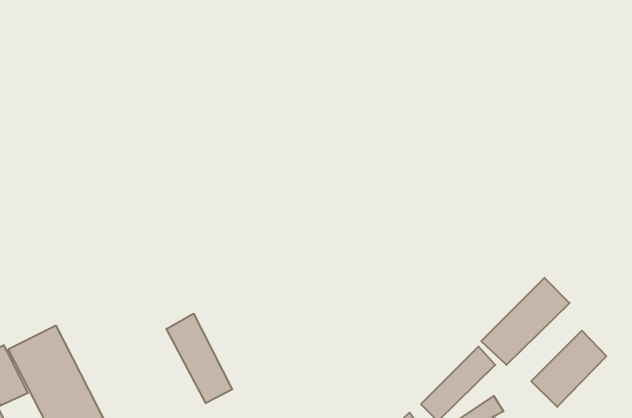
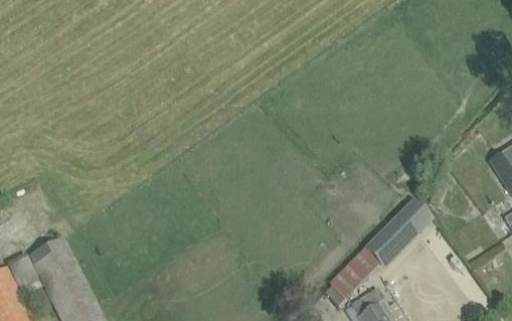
building: [166,314,232,403] -> none
building: [531,331,606,407] -> none

